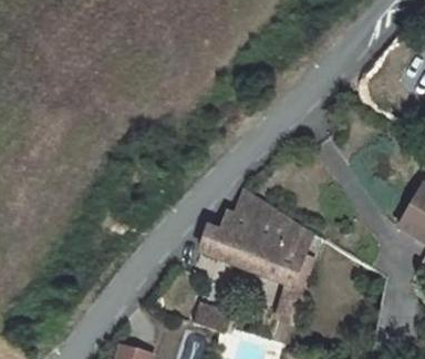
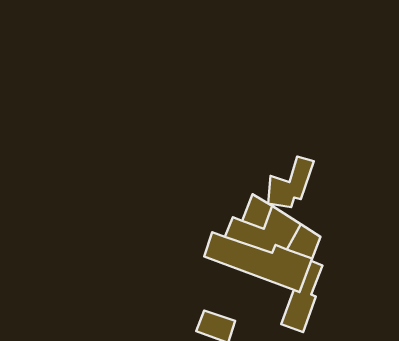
building: none -> [268,157,314,207]

